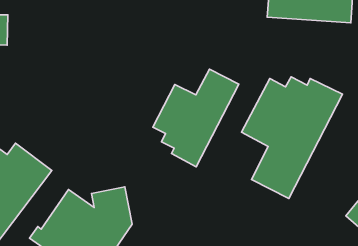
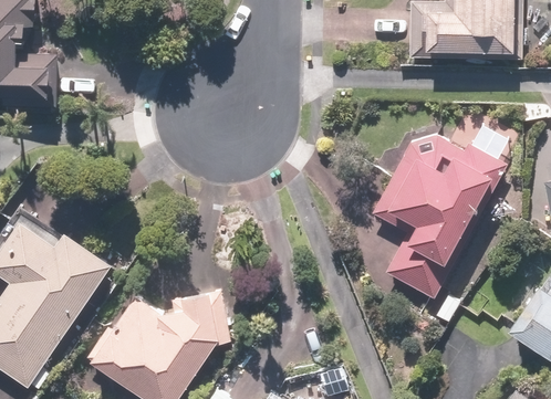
building: [153,69,239,167] -> none

